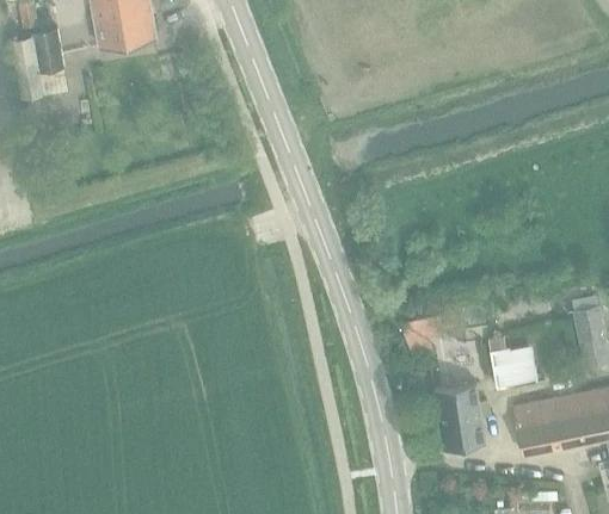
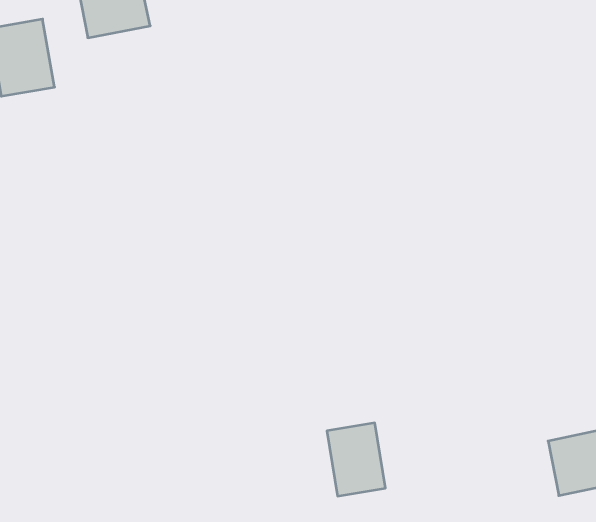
building: [491,348,535,386] -> none
building: [433,380,486,446] -> [327,423,385,496]

